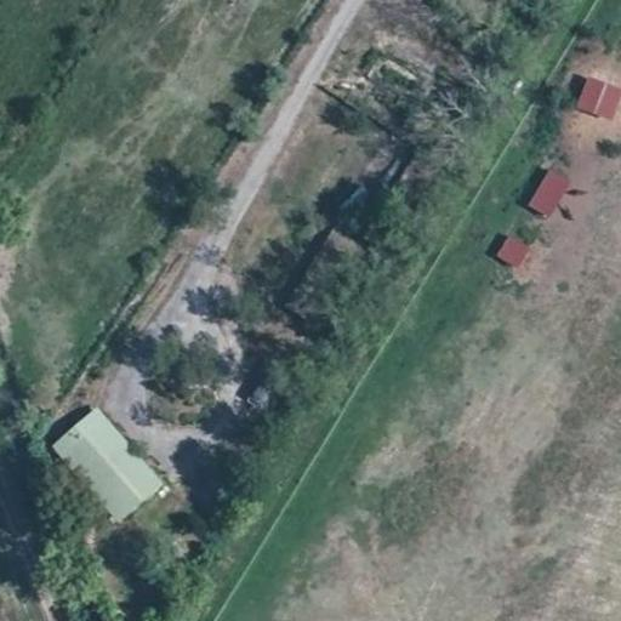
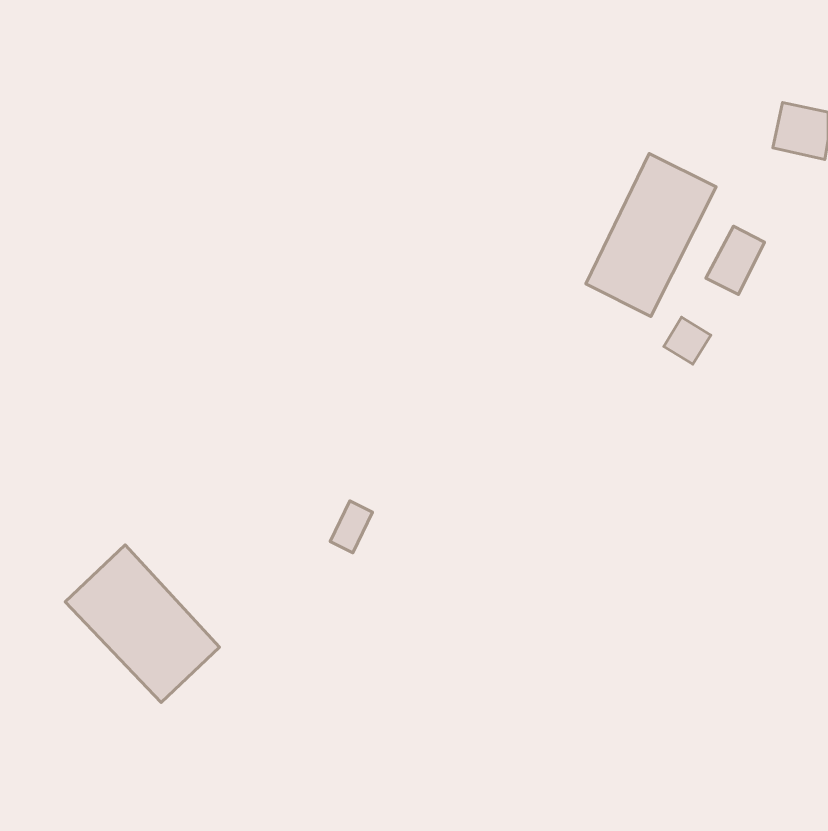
building: none -> [586,153,716,316]

